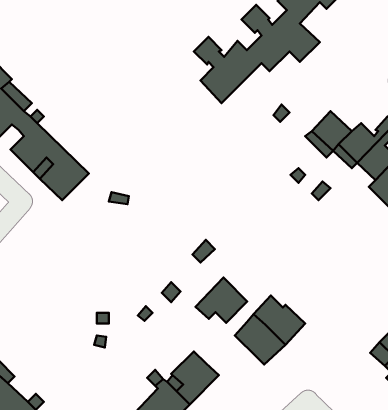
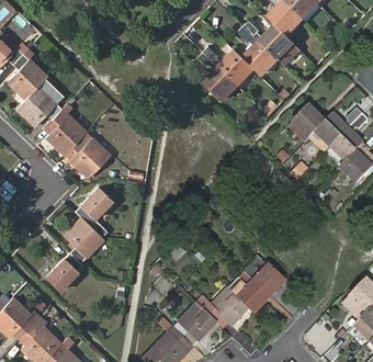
building: none -> [46,186,112,292]
building: [195,278,247,323] -> [206,289,249,326]

